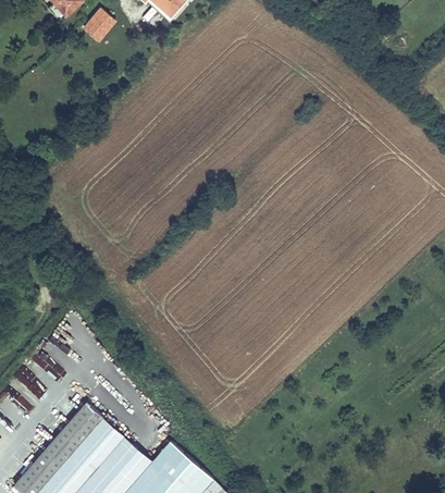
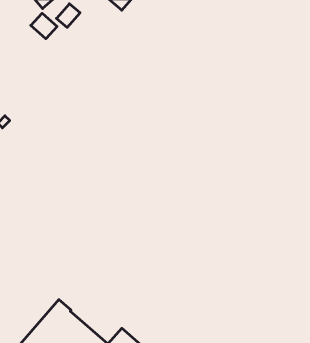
building: none -> [31,13,57,39]

